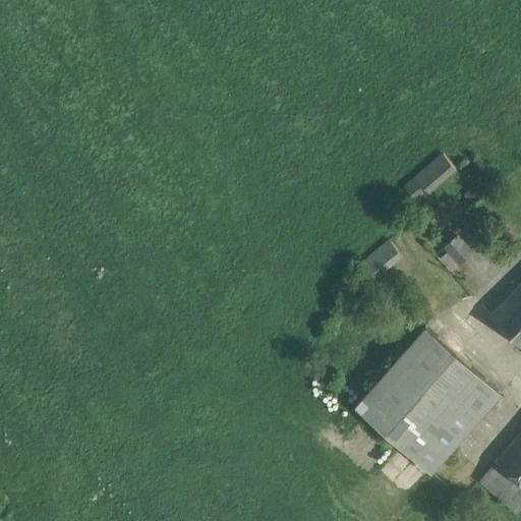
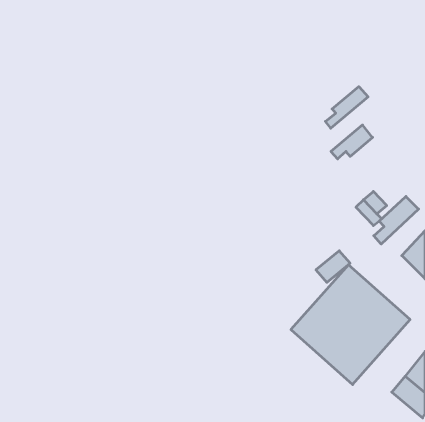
building: none -> [325,87,368,128]
building: [360,242,402,281] -> [316,251,350,282]
building: none -> [374,196,419,244]

